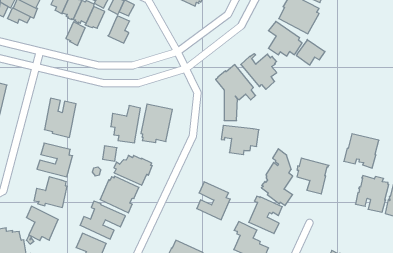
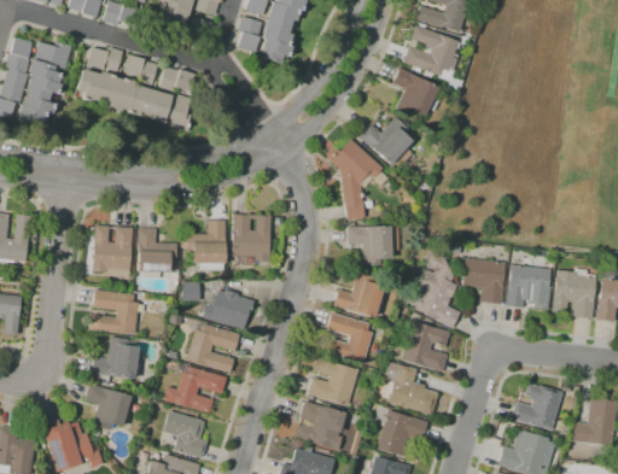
building: [66,22,85,45] -> [147,90,173,123]
building: [297,39,325,65] -> none
building: none -> [138,228,177,273]
building: [344,134,379,168] -> [506,265,552,310]
building: none -> [334,273,384,318]
building: none -> [308,358,361,408]

